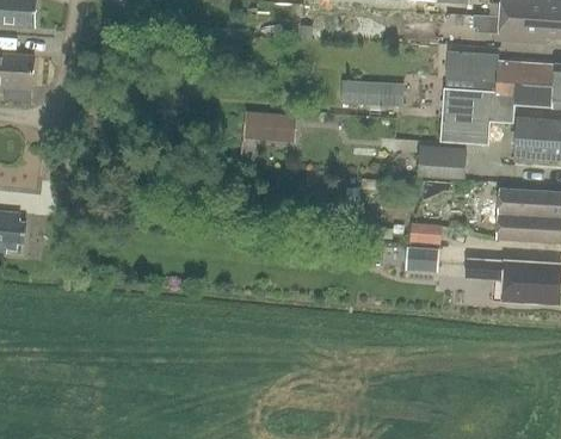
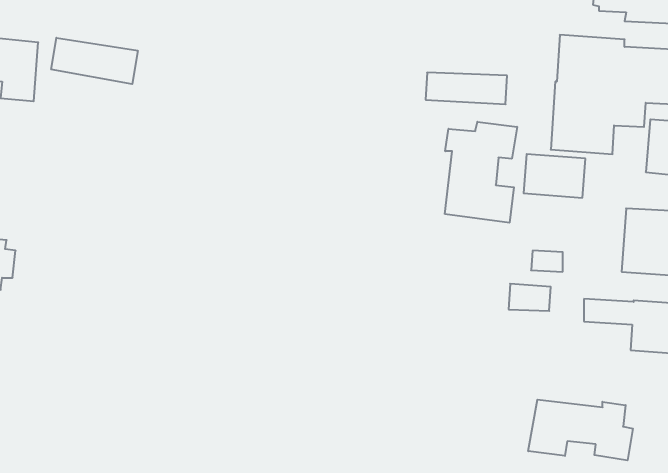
building: none -> [51,38,138,84]
building: [243,109,297,140] -> none
building: none -> [445,122,517,223]
building: none -> [528,400,633,460]

